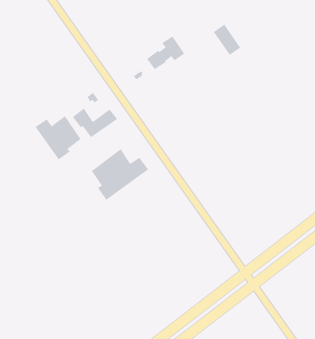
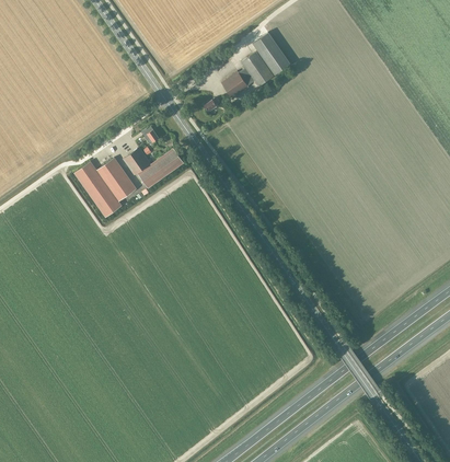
building: [213,24,241,56] -> [253,32,290,74]
building: [91,148,149,201] -> none

